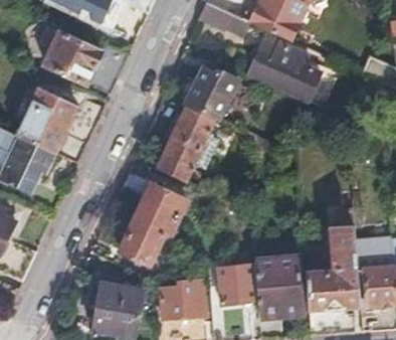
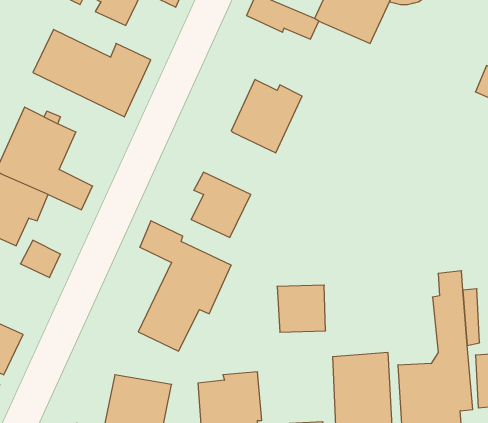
building: [248,38,321,103] -> none
building: [166,105,214,150] -> none
building: [222,268,257,302] -> [277,285,326,332]

